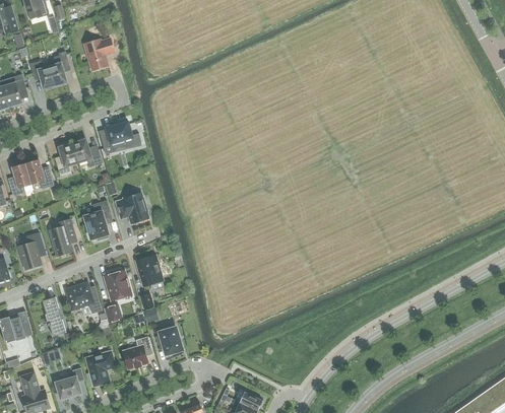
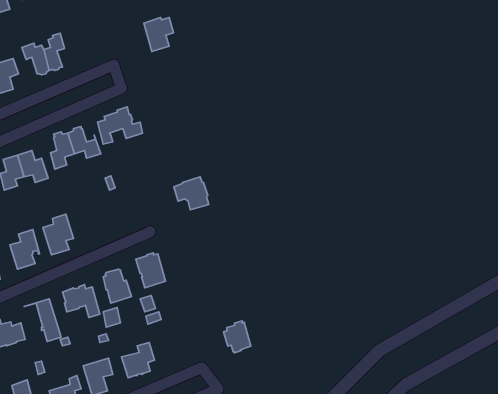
building: [84,39,112,70] -> [144,18,174,52]
building: [116,193,148,223] -> [174,177,209,210]
building: [84,200,112,238] -> none
building: [156,326,182,355] -> [223,321,251,353]

